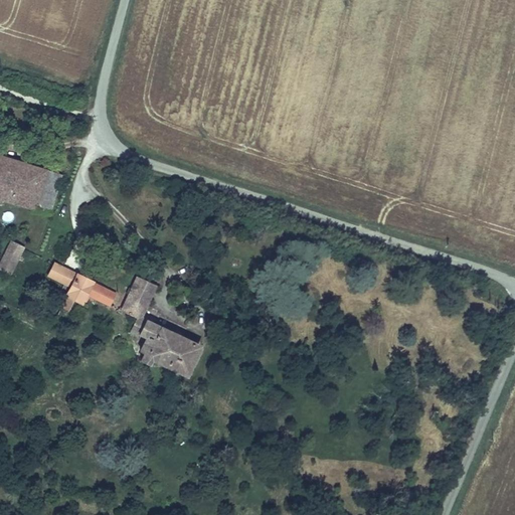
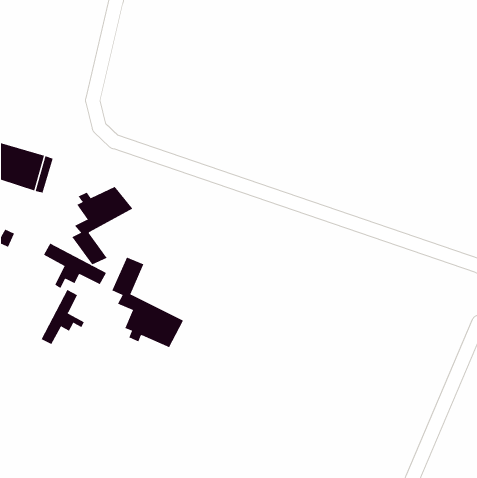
building: none -> [71,186,133,265]
building: none -> [41,289,84,345]

